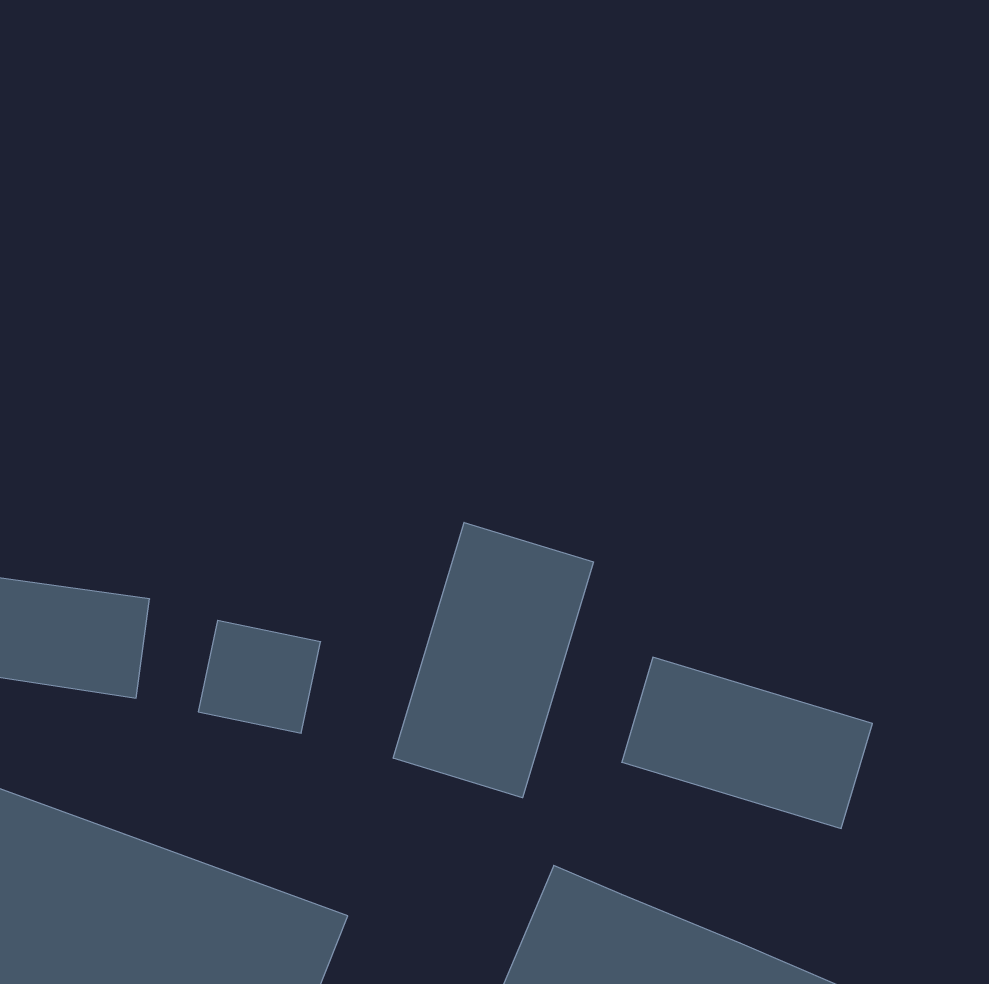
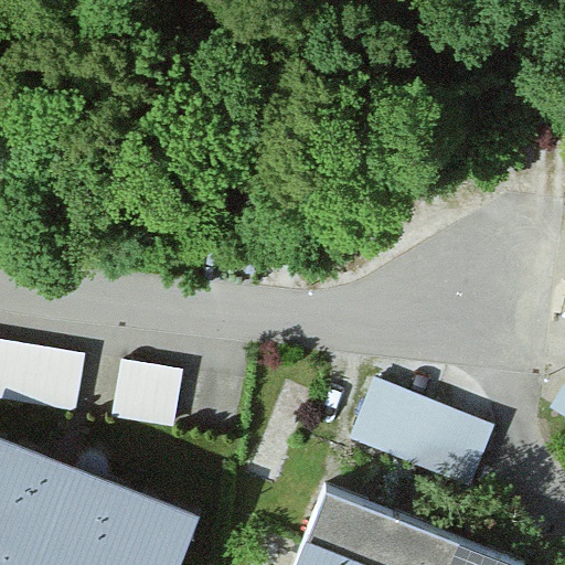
building: [393,522,594,798] -> none

